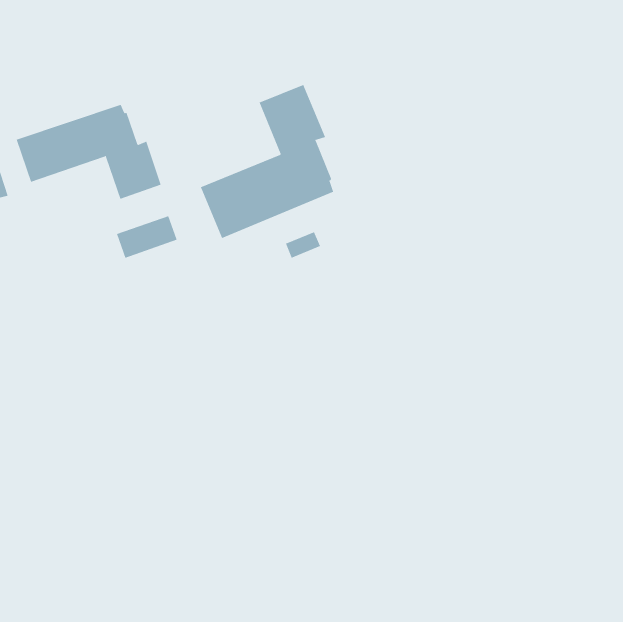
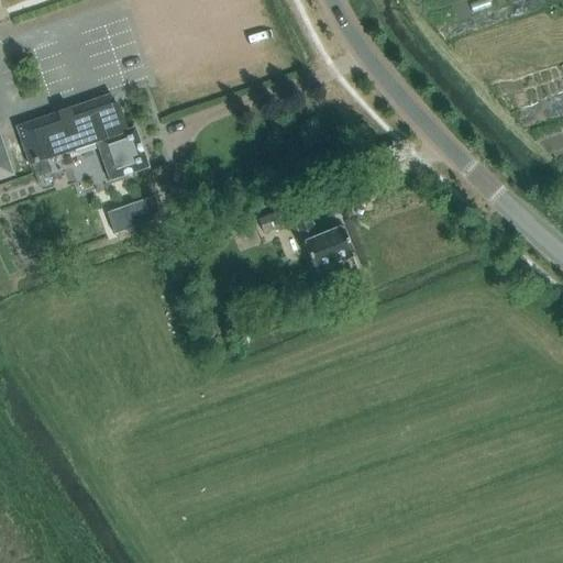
building: [200,84,334,239] -> none
building: none -> [294,213,351,271]

